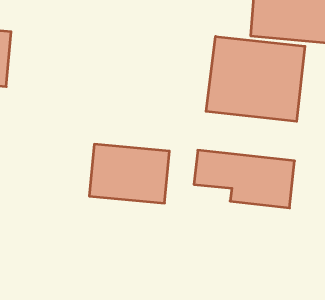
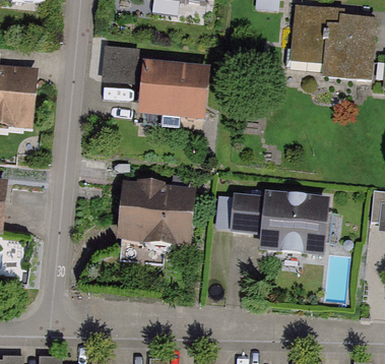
building: none -> [135,60,209,120]
building: [206,36,305,121] -> none

